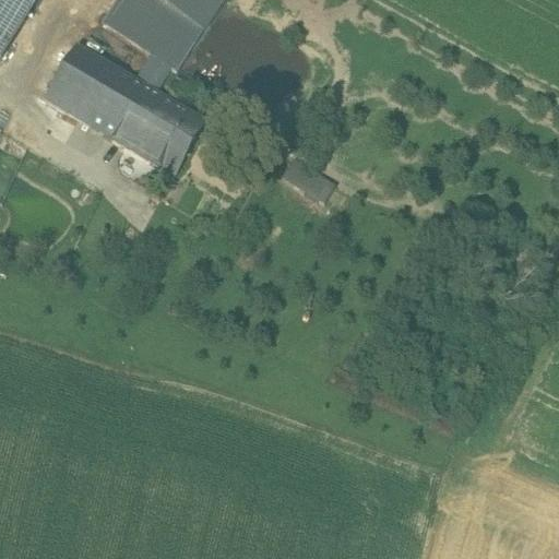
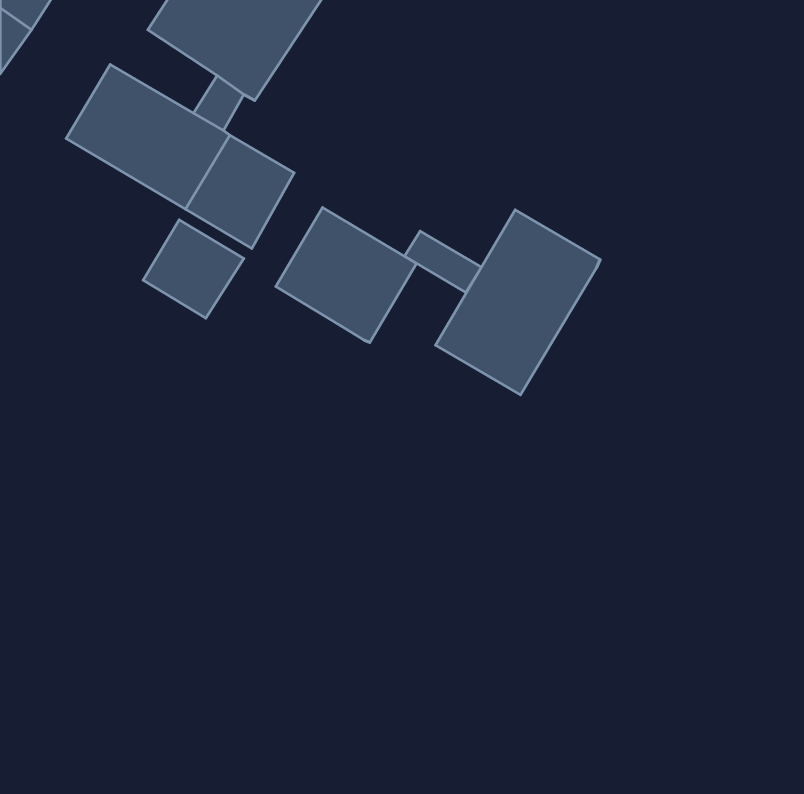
building: none -> [276,208,417,342]
building: none -> [435,210,600,395]
building: none -> [143,220,244,318]

